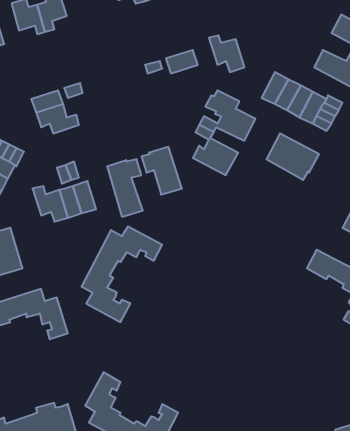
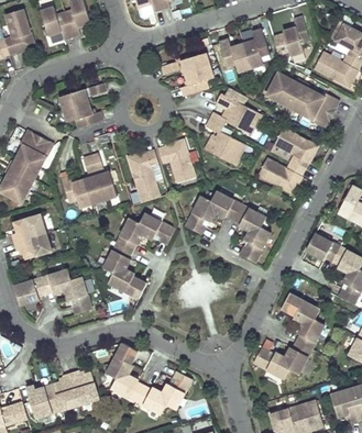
building: none -> [271,16,309,63]
building: none -> [242,29,267,68]
building: none -> [179,66,212,97]
building: none -> [256,158,303,193]
building: none -> [186,189,271,259]
building: none -> [253,291,325,377]

